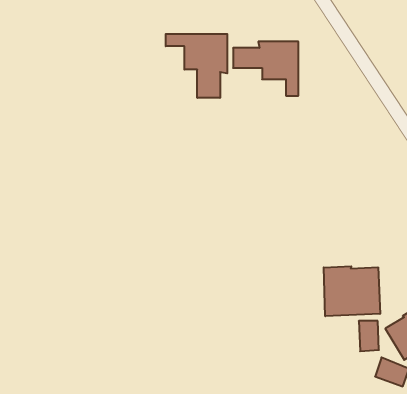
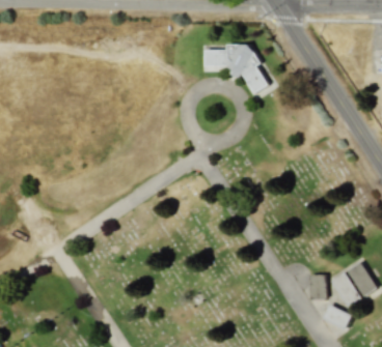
building: [166,34,227,98] -> none
building: [324,266,380,316] -> none

